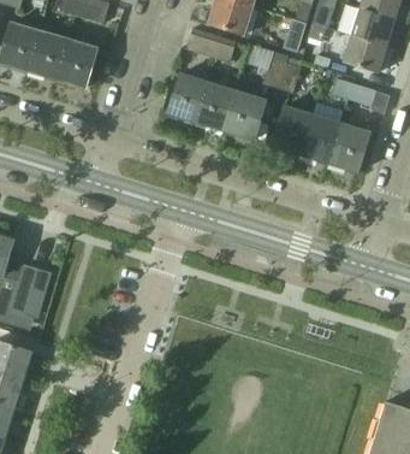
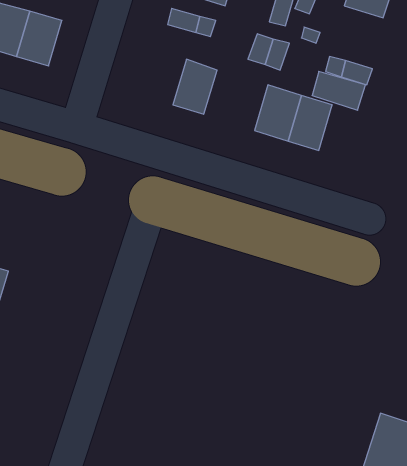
building: [343,34,386,72] -> none
building: [167,73,209,123] -> none
building: [225,92,266,140] -> none
building: [328,123,370,172] -> none

